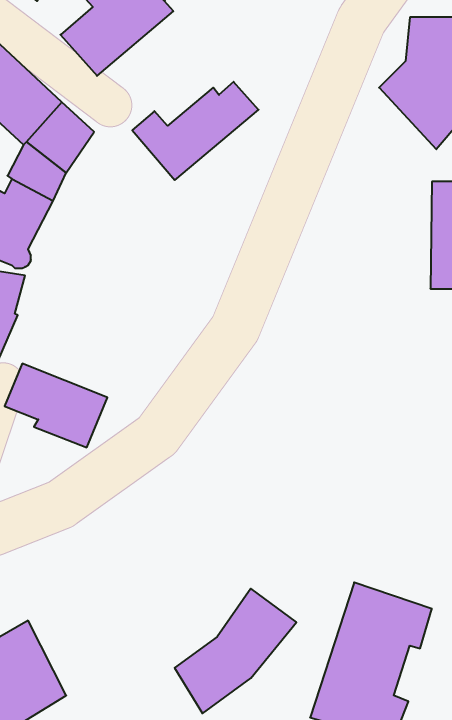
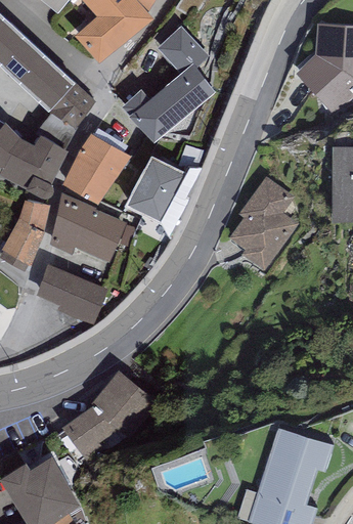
building: none -> [159,31,209,81]
building: none -> [62,138,133,207]
building: none -> [126,161,183,224]
building: none -> [230,171,301,265]
building: none -> [50,195,127,265]
building: [175,589,296,713] -> [63,362,148,449]

